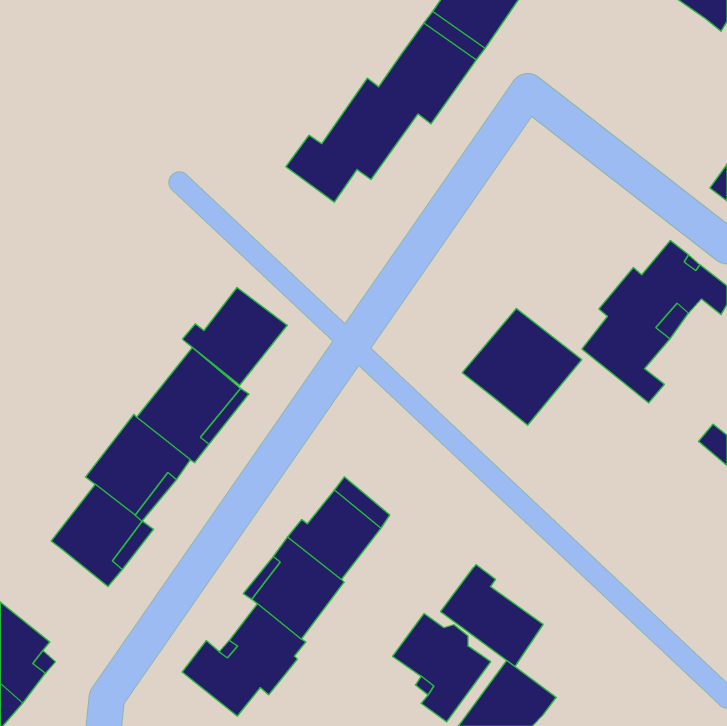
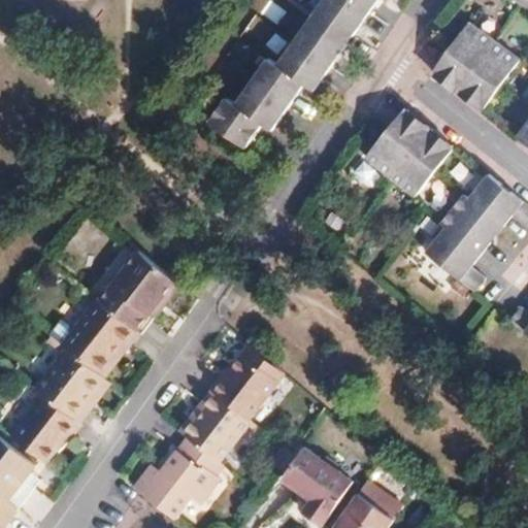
building: none -> [431,23,518,108]
building: [183,287,287,385] -> none
building: [462,309,582,425] -> [363,111,450,196]
building: none -> [14,398,81,464]
building: [441,565,543,667] -> none

